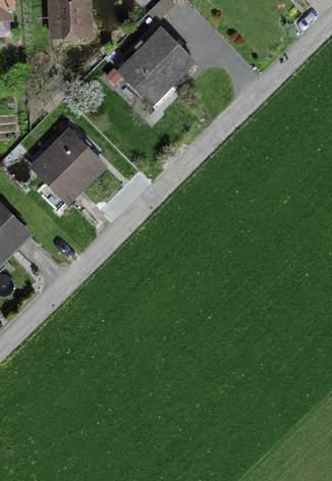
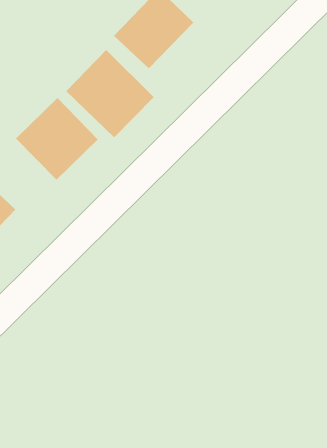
building: none -> [65,49,155,138]

